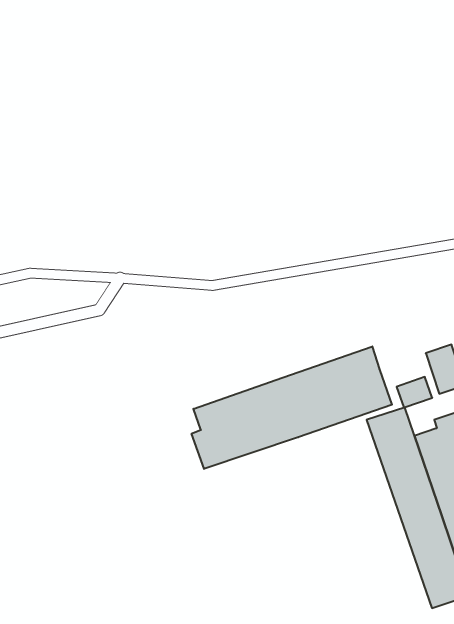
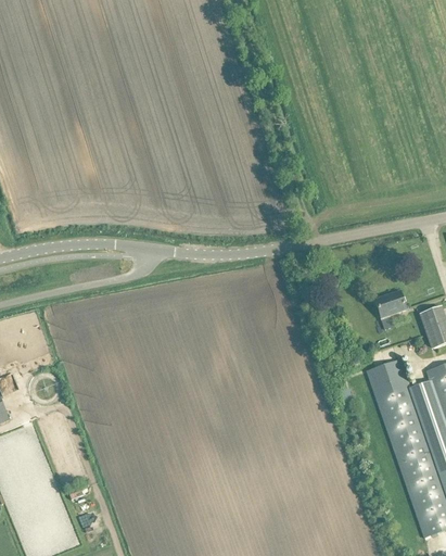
building: [192,346,392,469] -> none
building: [397,377,432,408] -> [374,290,406,317]

